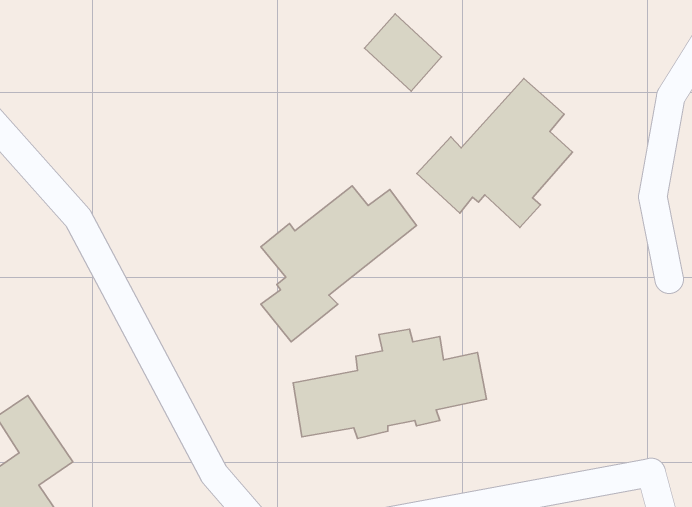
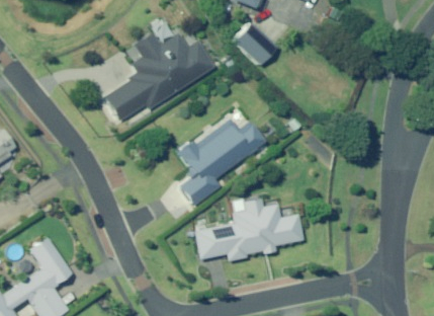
building: none -> [103,31,214,122]
building: [417,79,572,227] -> none

